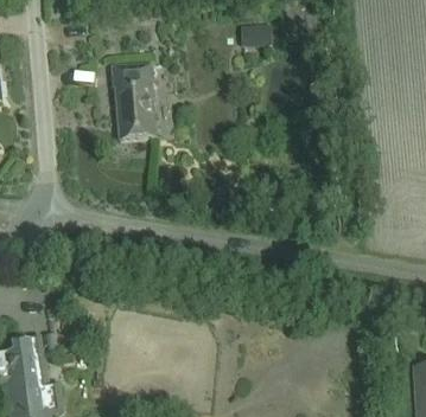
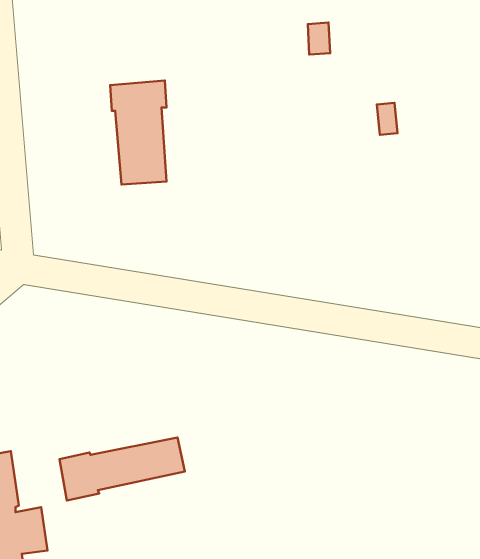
building: none -> [59,438,185,501]

